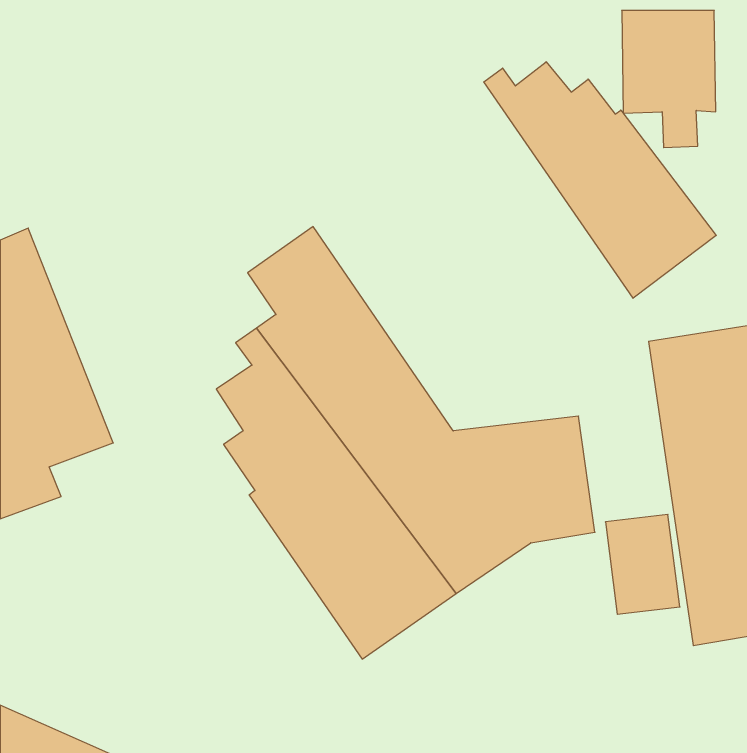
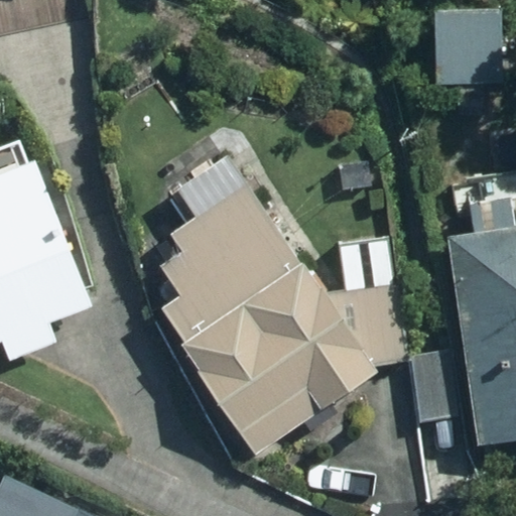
building: [484,62,716,298] -> none

